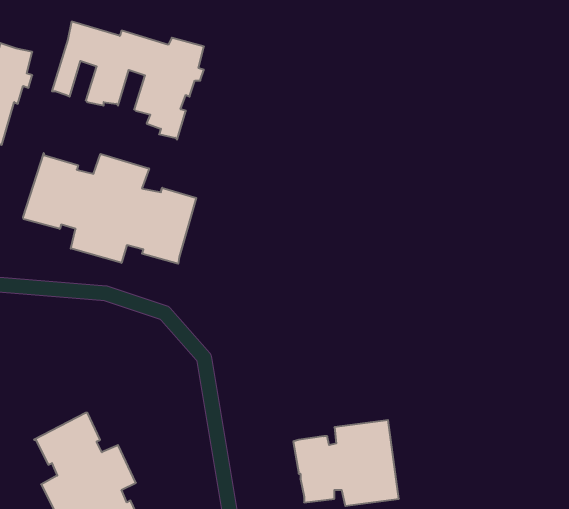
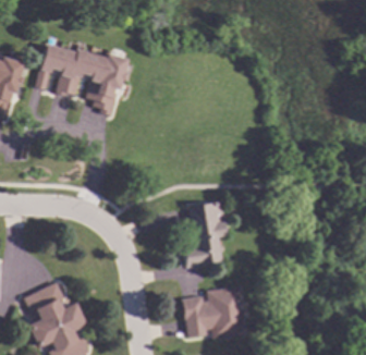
building: [23,153,196,264] -> none
building: none -> [182,201,224,268]

